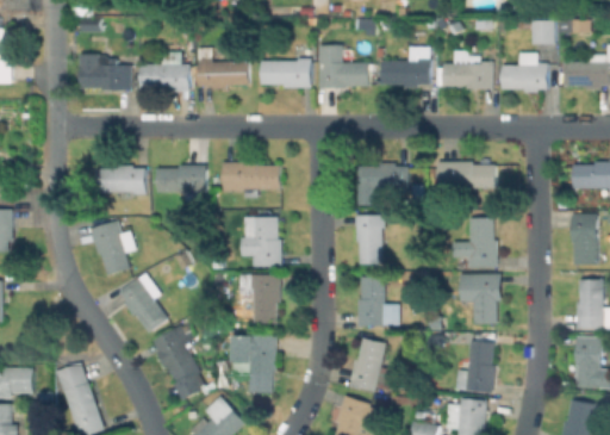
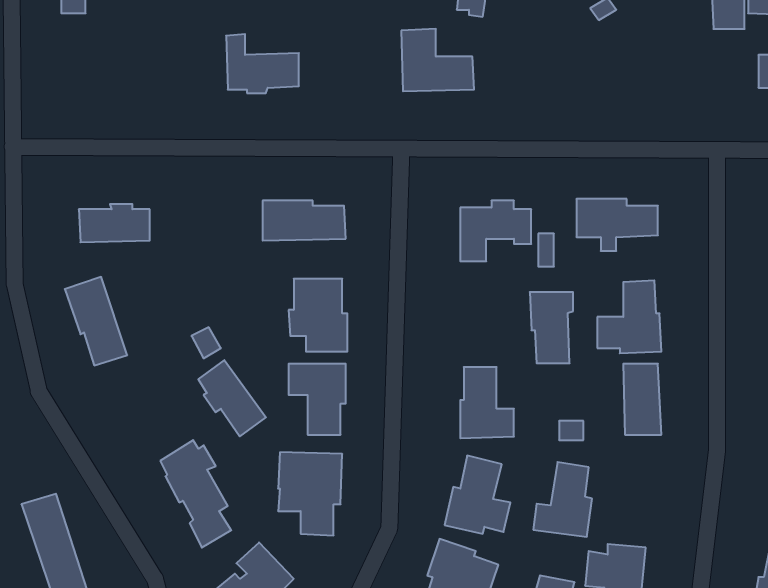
building: [381,46,430,87] -> none
building: [141,50,189,92] -> none
building: [443,52,491,89] -> none
building: [80,54,130,88] -> none
building: [261,57,311,87] -> none
building: [500,62,547,92] -> none
building: [156,166,206,204] -> none
building: [355,215,385,263] -> [530,292,573,363]
building: [120,279,167,331] -> [198,360,266,436]
building: [455,341,496,392] -> [533,462,592,537]

